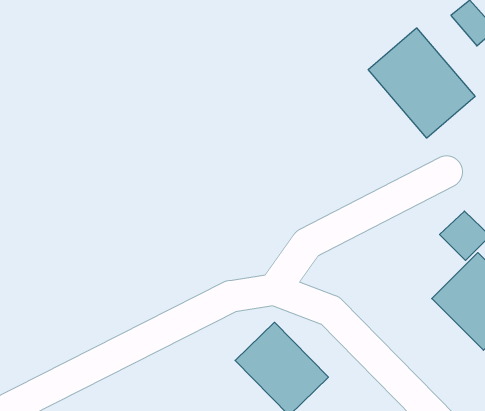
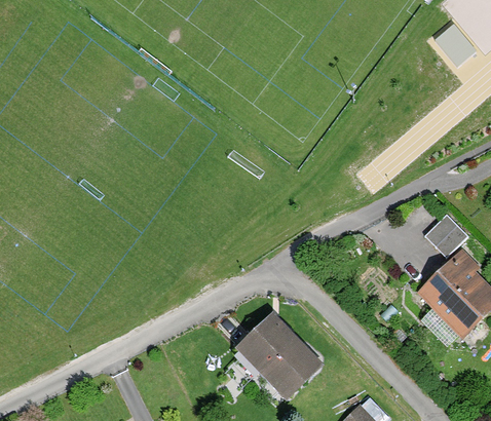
building: [368,28,475,138] -> none

